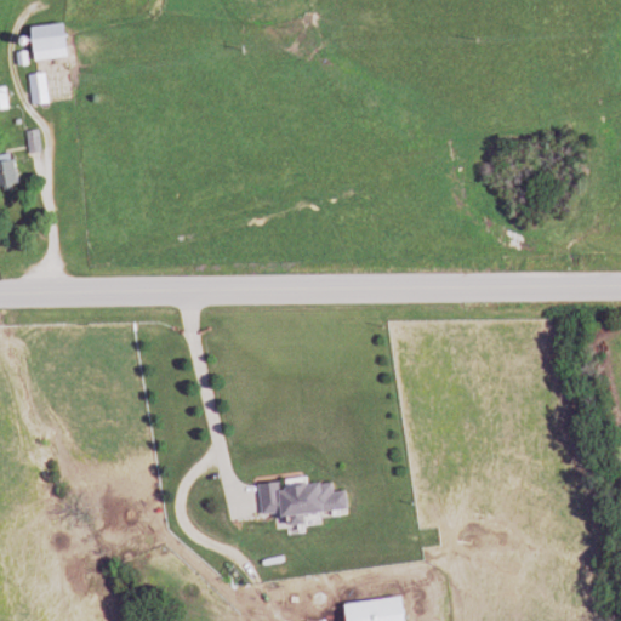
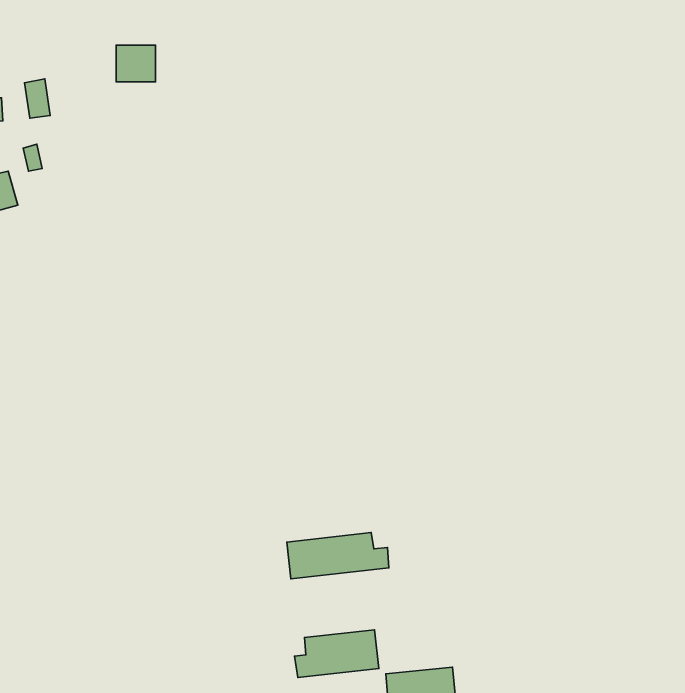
building: [34,27,69,59] -> [116,45,156,82]
building: none -> [295,630,379,677]

